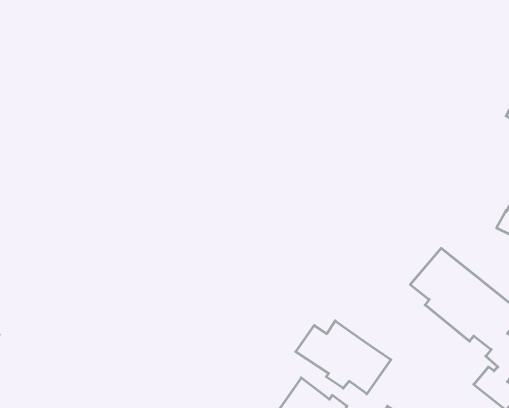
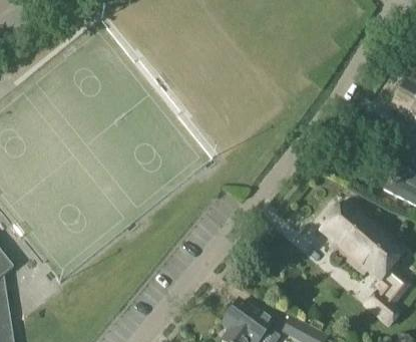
building: [296,321,391,394] -> none

